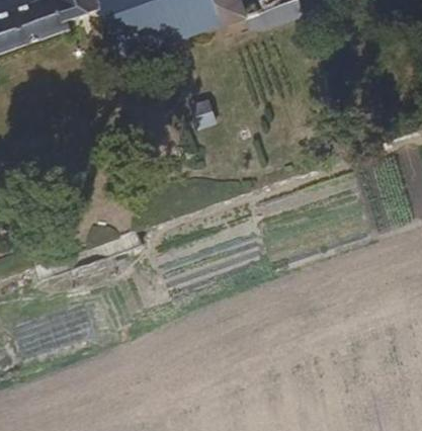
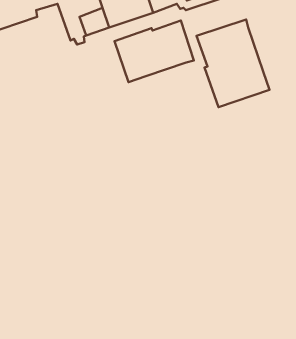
building: none -> [197,19,270,107]
building: none -> [115,21,194,82]

